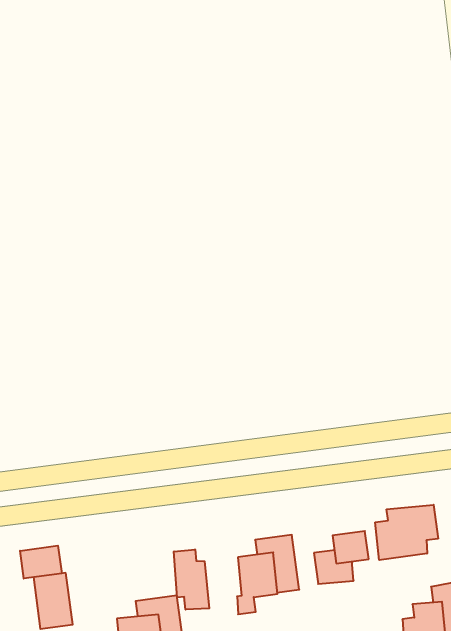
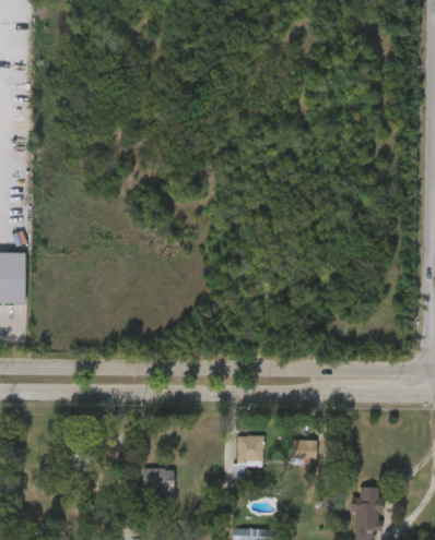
building: [375,505,438,560] -> none
building: [20,546,62,579] -> none
building: [174,549,209,610] -> none

